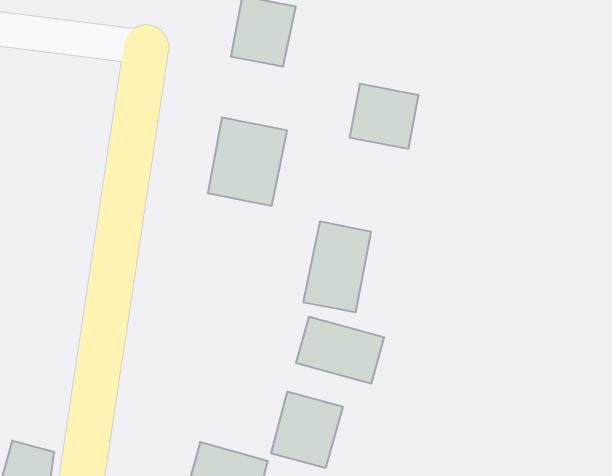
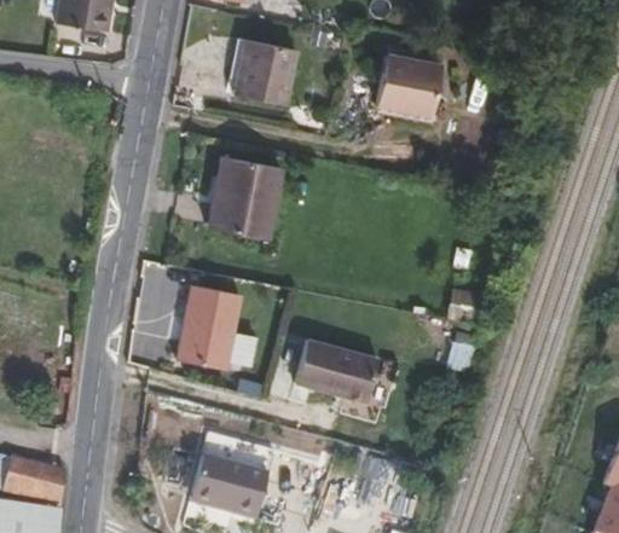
building: [350,84,419,149] -> [374,53,439,115]
building: [303,222,371,312] -> [175,282,239,367]
building: [271,392,343,468] -> none

